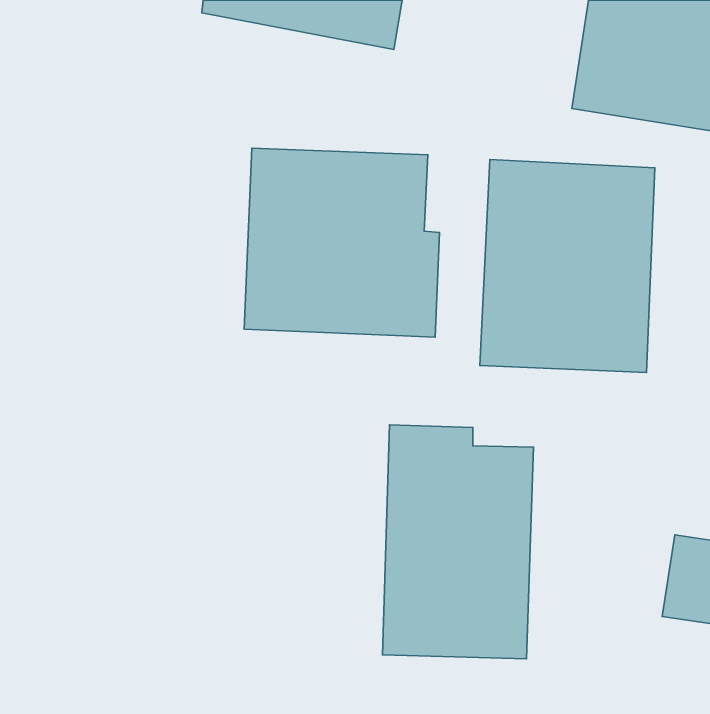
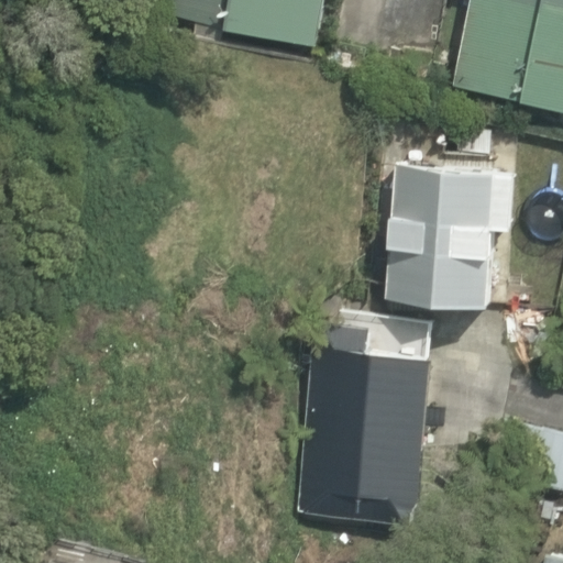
building: [244,148,439,337] -> none

